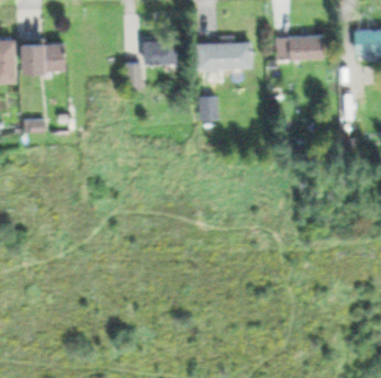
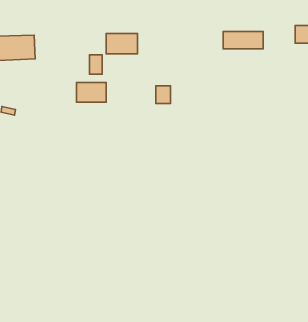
building: [198,43,250,68] -> none
building: none -> [77,82,106,102]

